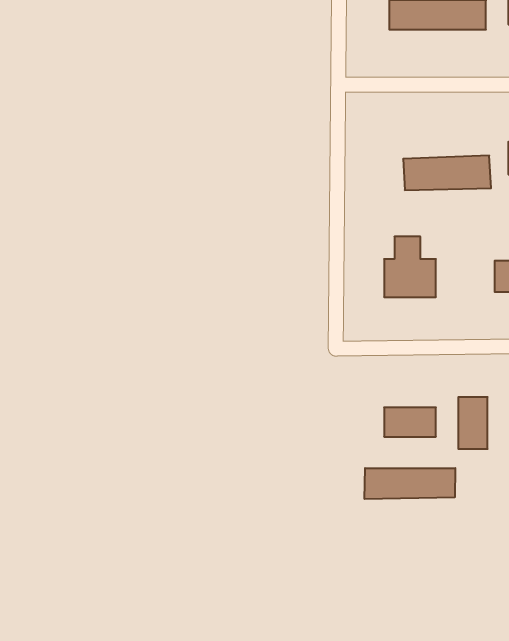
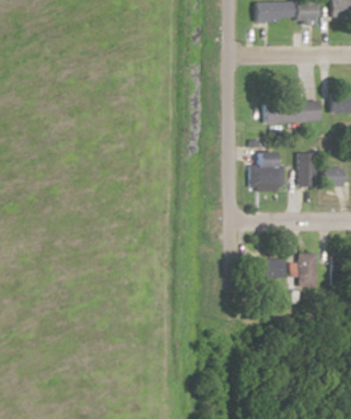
building: none -> [297,153,315,186]
building: [365,468,455,499] -> none

